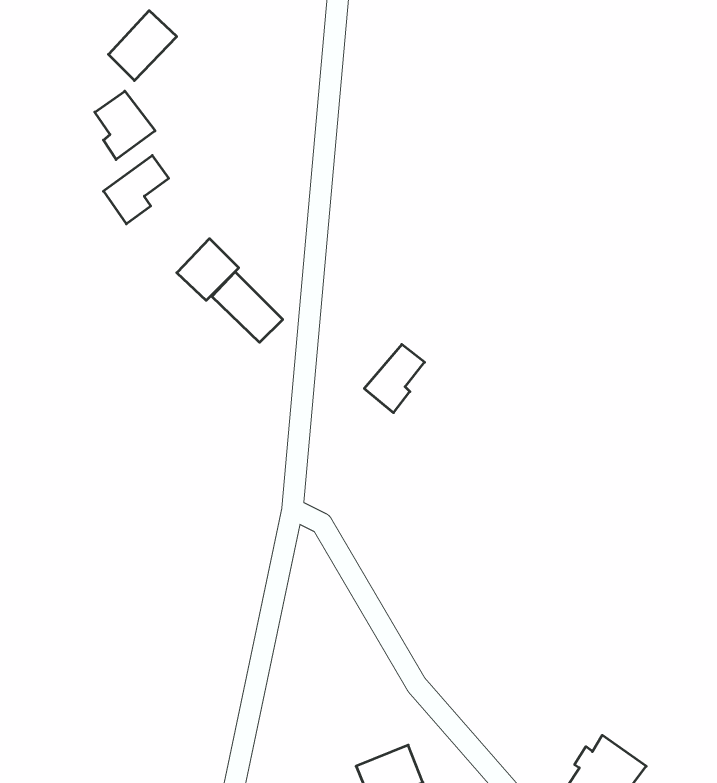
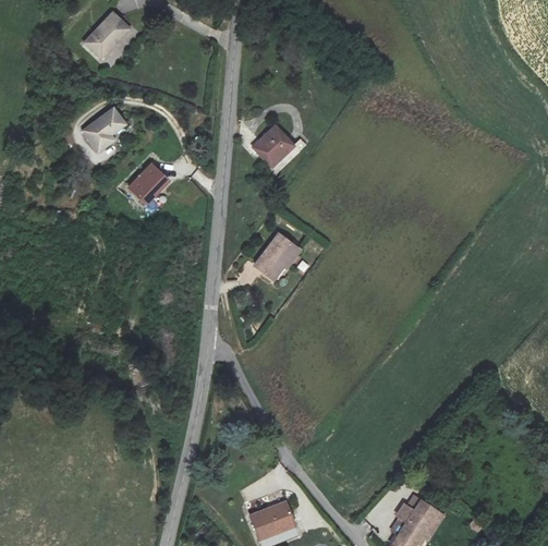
building: [95,91,155,160] -> none
building: none -> [252,124,294,166]
building: [212,272,283,342] -> none

